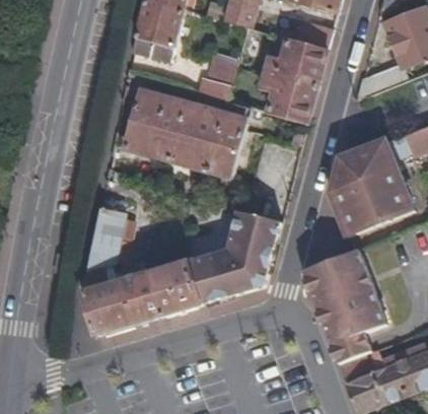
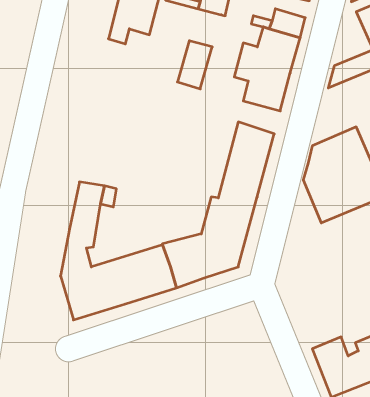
building: [125,92,246,177] -> none
building: [304,248,387,364] -> none

